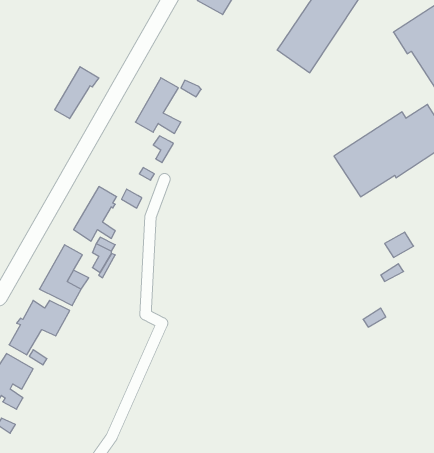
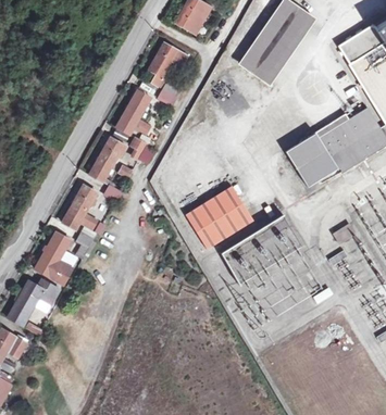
building: none -> [148,41,187,95]
building: [55,67,99,119] -> [90,136,128,180]
building: none -> [186,185,254,249]

